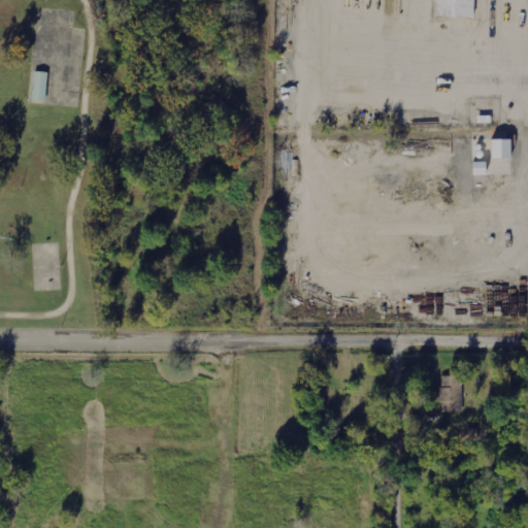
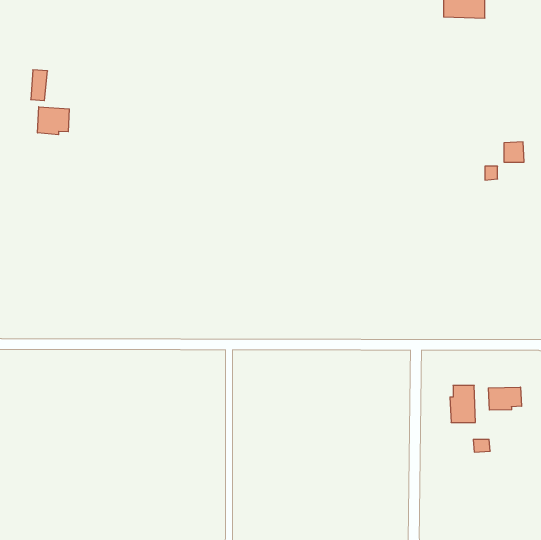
building: none -> [38,107,69,135]
building: none -> [488,387,522,410]

